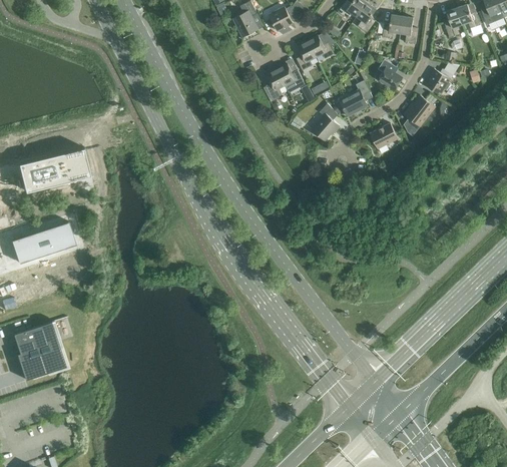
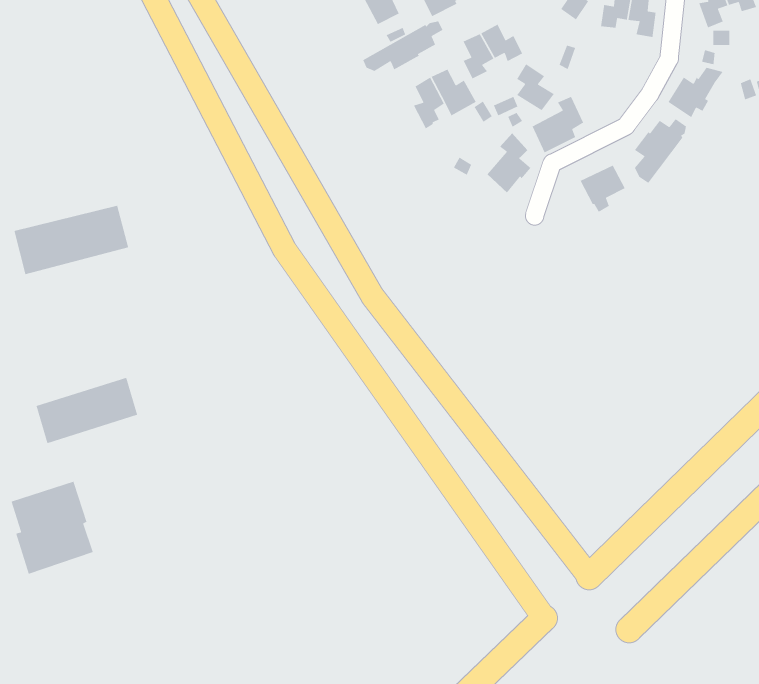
building: none -> [362,20,444,72]
building: [378,59,402,89] -> [516,63,555,111]
building: [11,222,75,265] -> [36,377,138,444]

